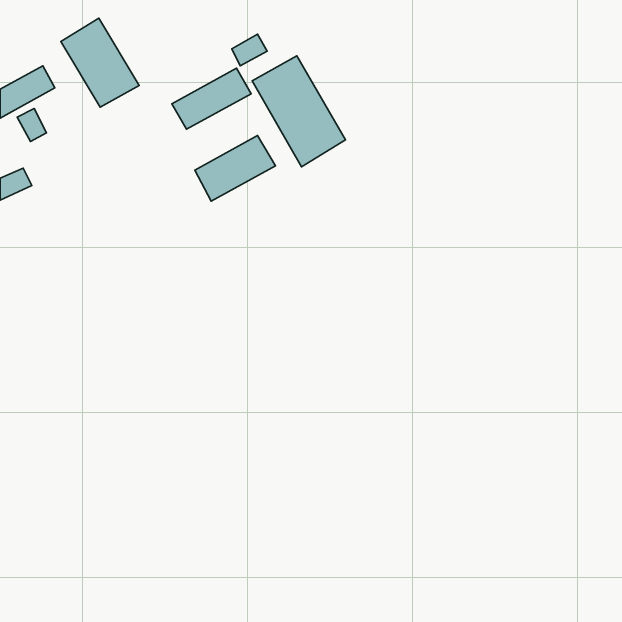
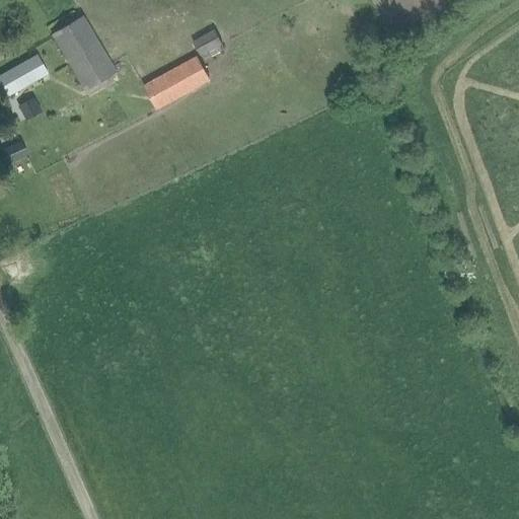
building: [252,56,346,167] -> none
building: [195,135,276,201] -> none

